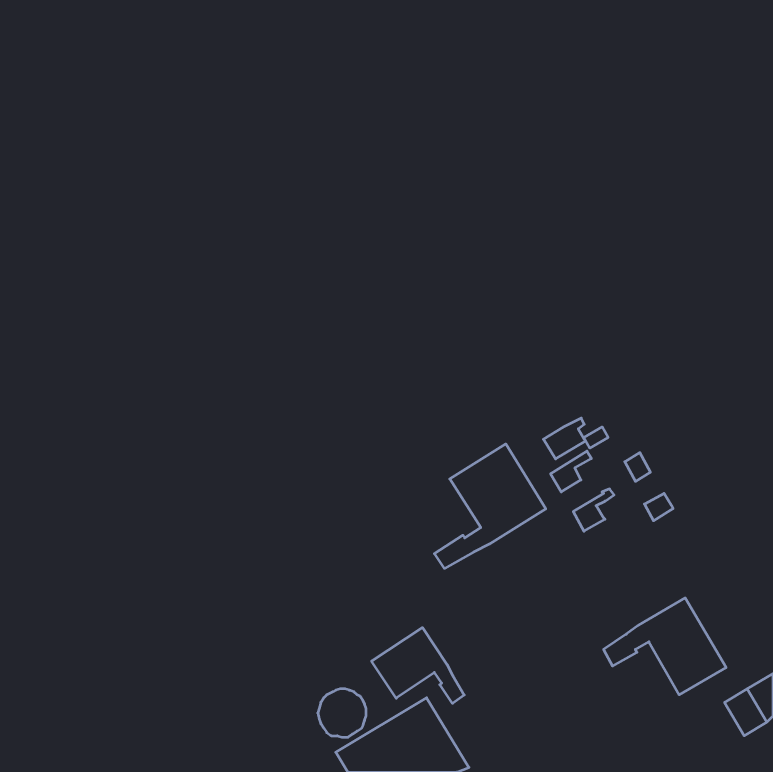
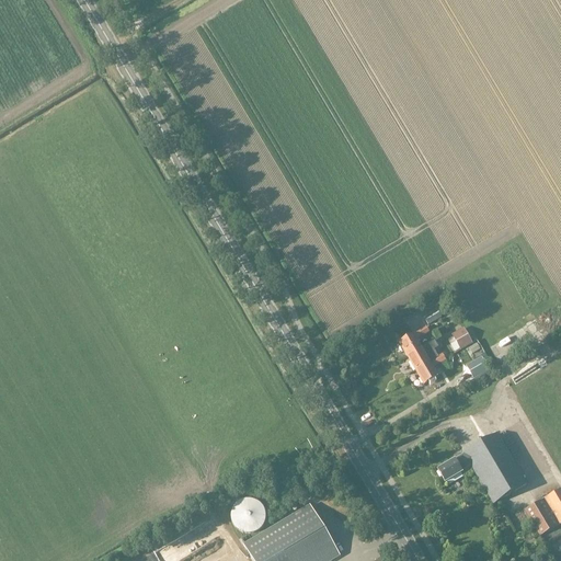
building: [543,418,586,459] -> [407,341,437,370]
building: [434,444,546,568] -> none
building: [372,628,464,703] -> none

